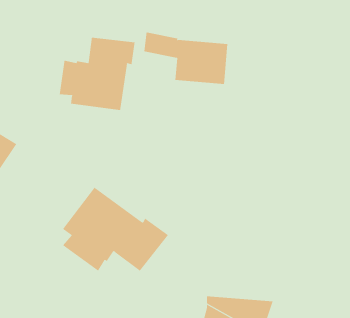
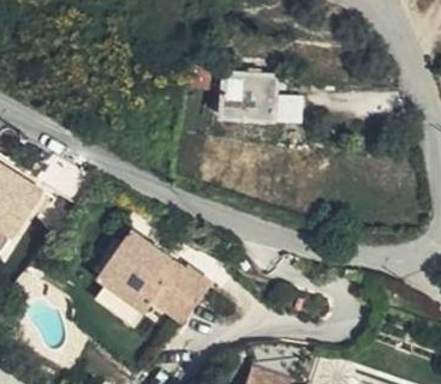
building: [59,37,135,111] -> none

